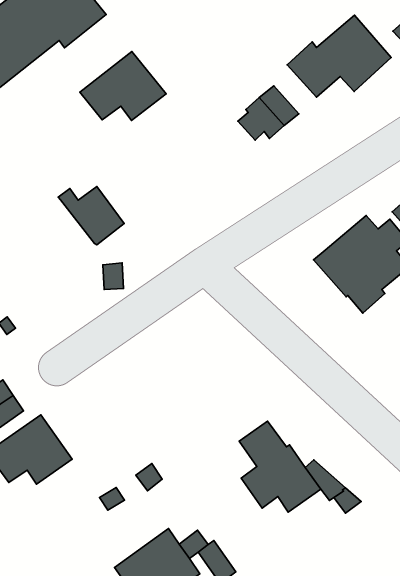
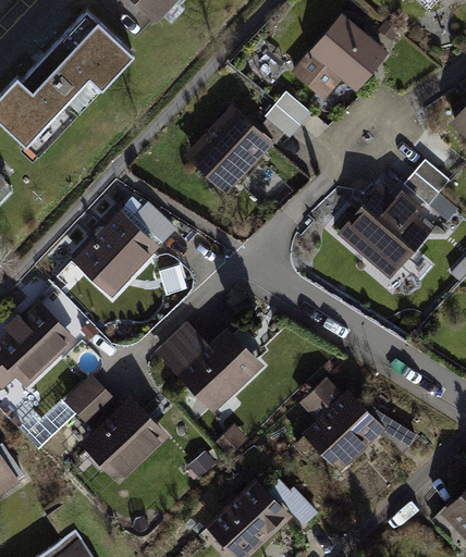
building: [80,52,166,120] -> [192,114,266,176]
building: none -> [78,219,152,298]
building: none -> [162,329,263,408]

